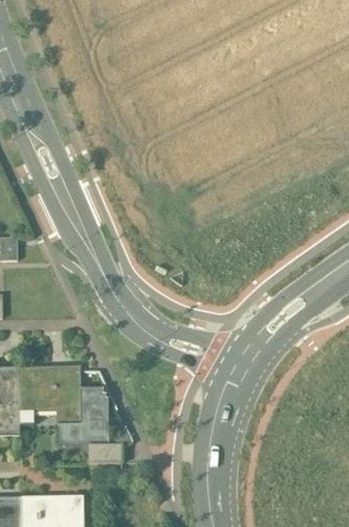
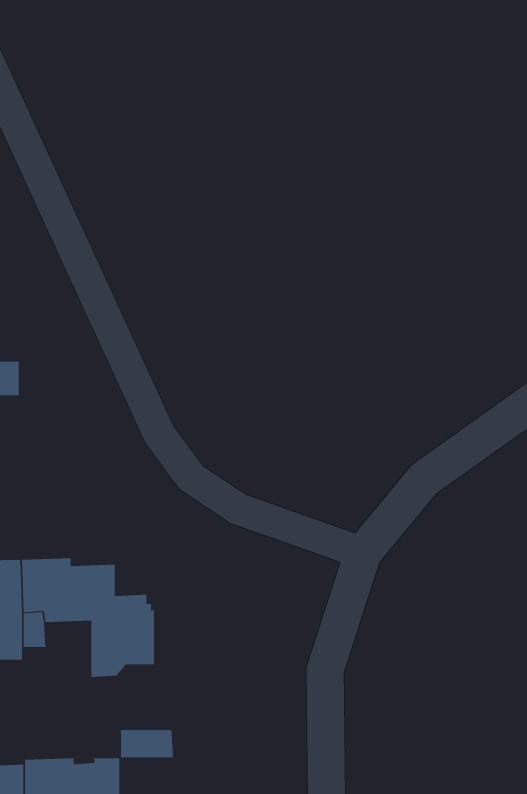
building: [86,445,121,463] -> [120,729,174,758]

